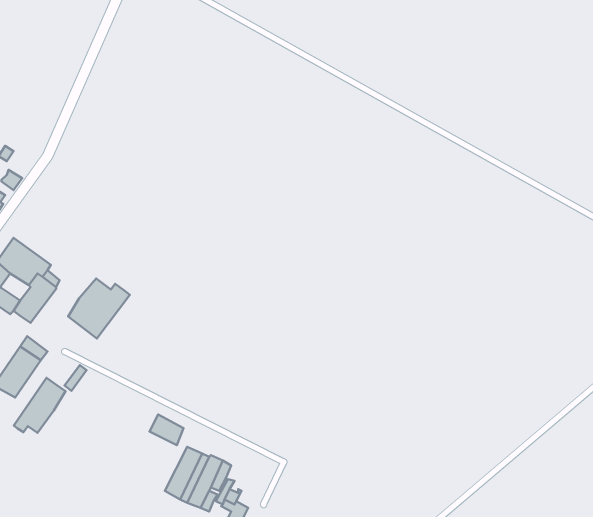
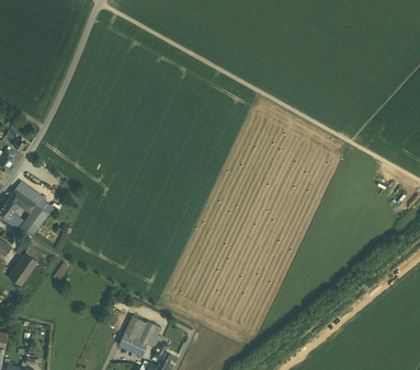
building: [68,278,130,339] -> none
building: [14,378,66,433] -> none

